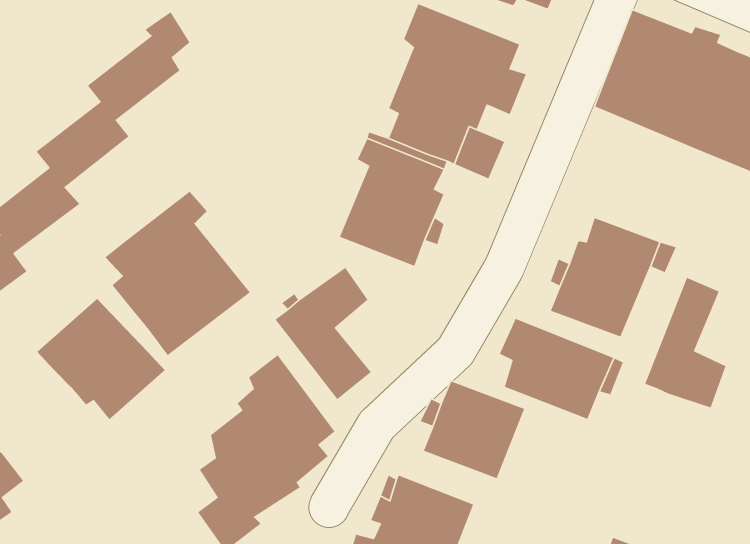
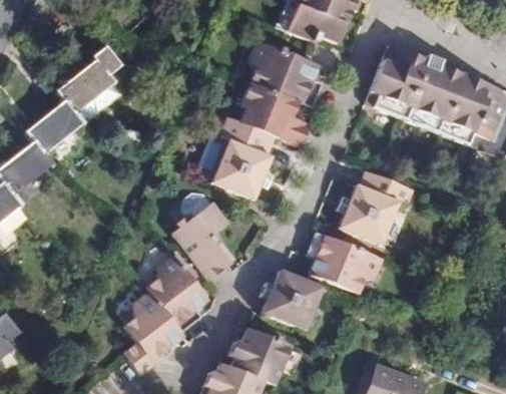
building: [105,191,251,356] -> none
building: [644,277,726,409] -> none
building: [37,298,165,420] -> none

